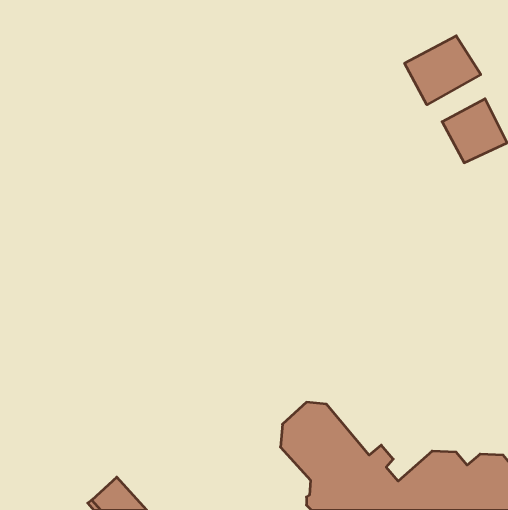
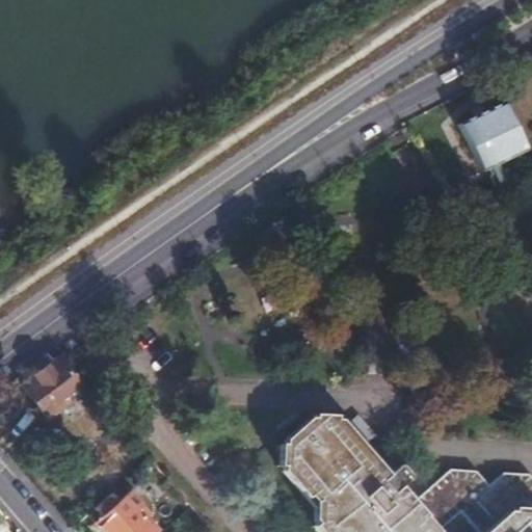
building: [405,36,481,105] -> none
building: none -> [25,357,84,418]

